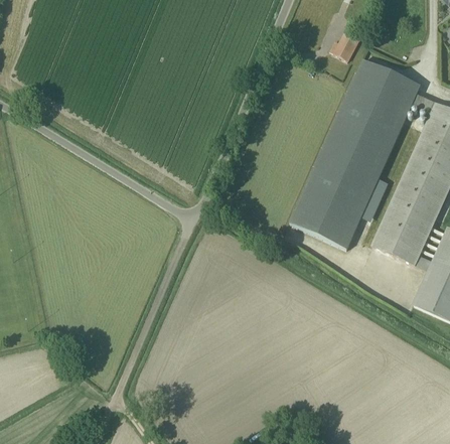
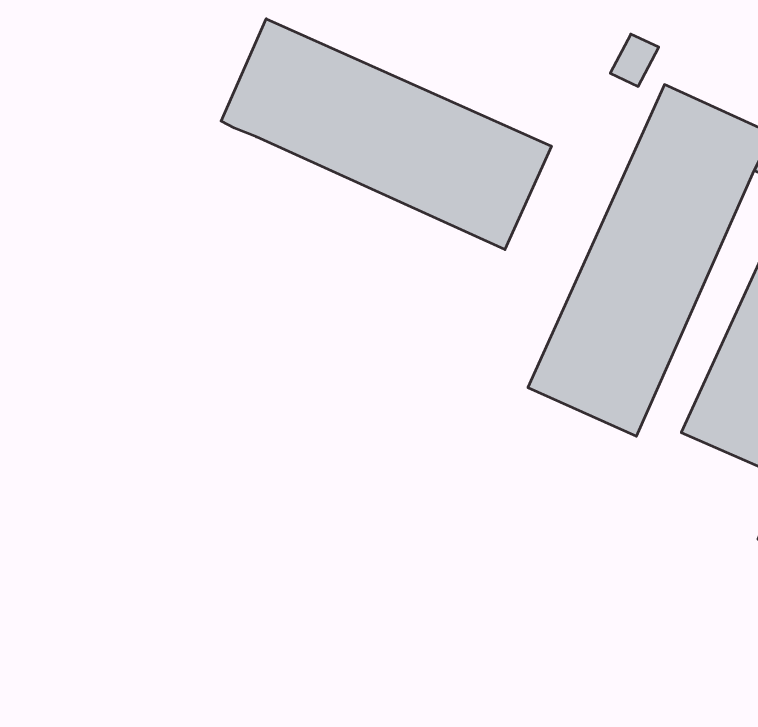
building: none -> [221,19,551,250]

